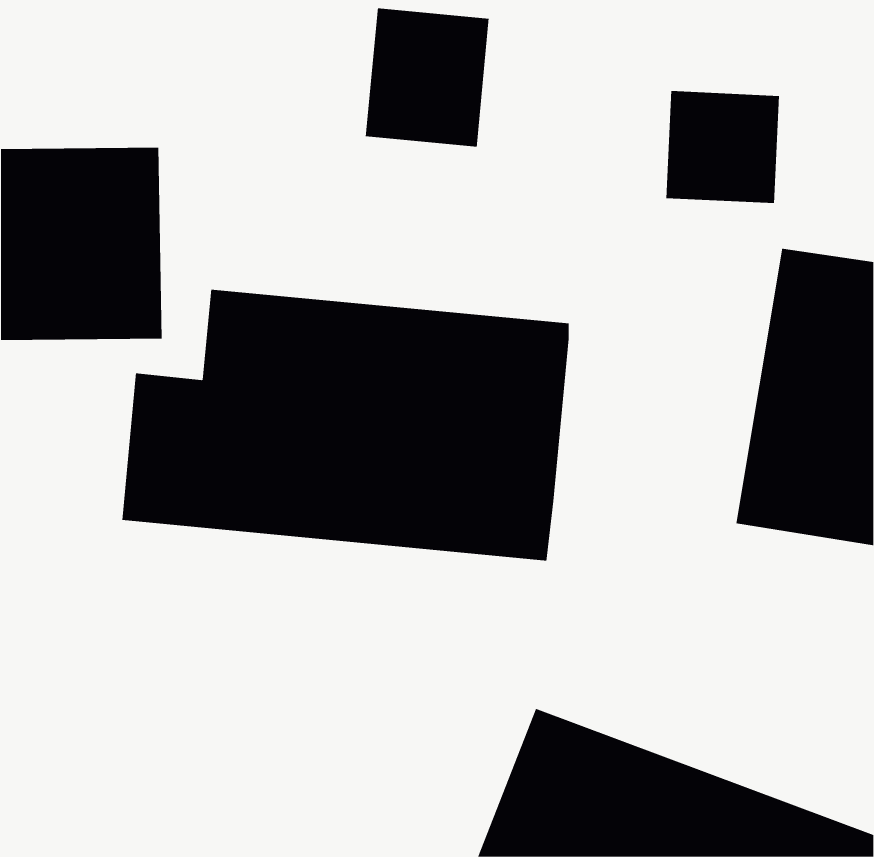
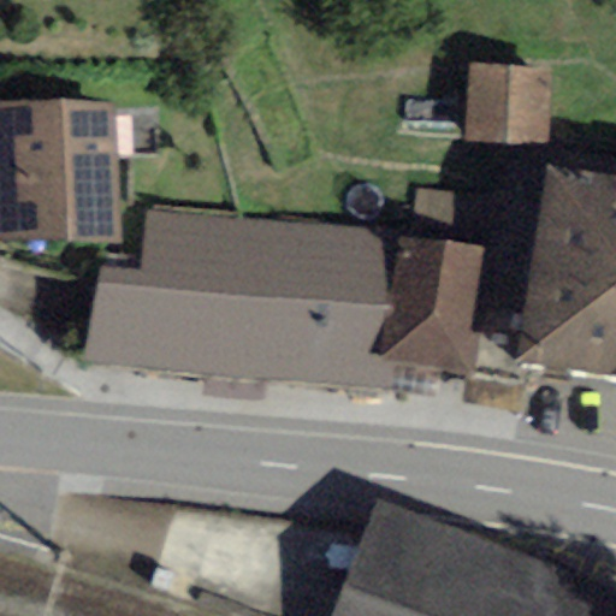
building: [365,7,489,147] -> none
building: none -> [390,238,486,361]

